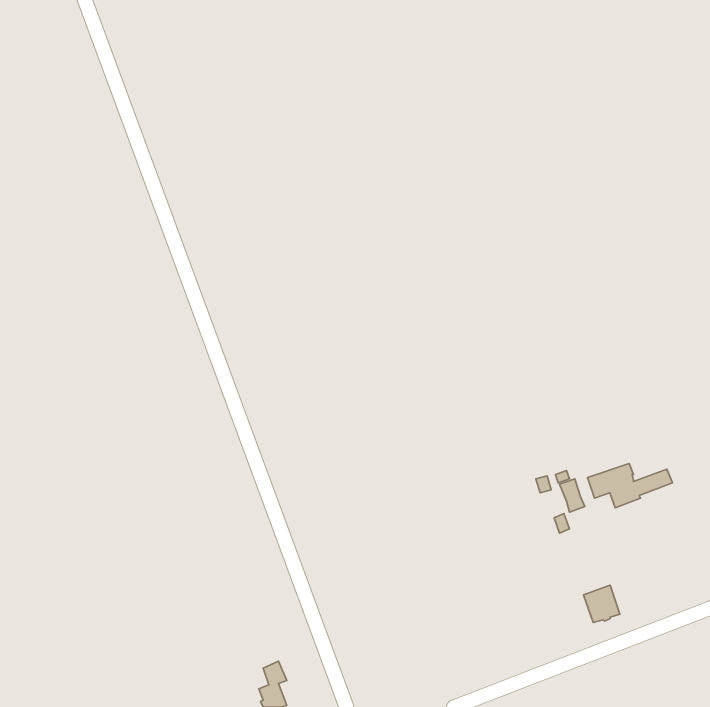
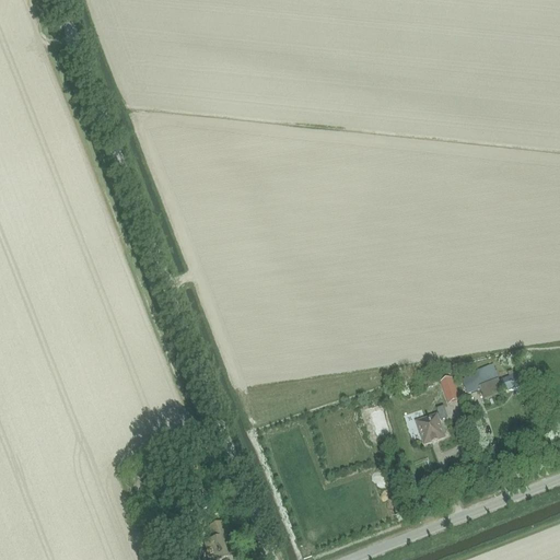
building: [584,585,620,623] -> [415,412,443,442]

